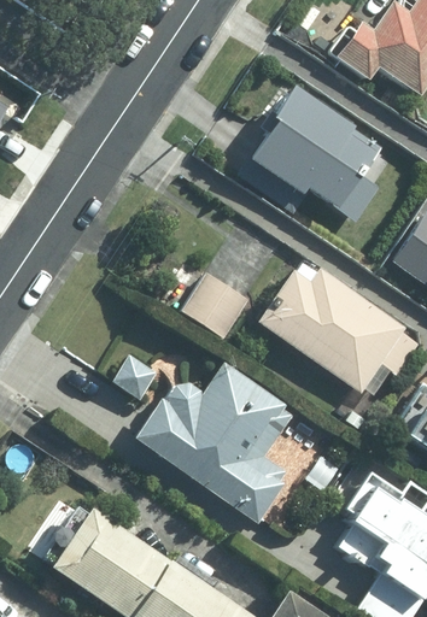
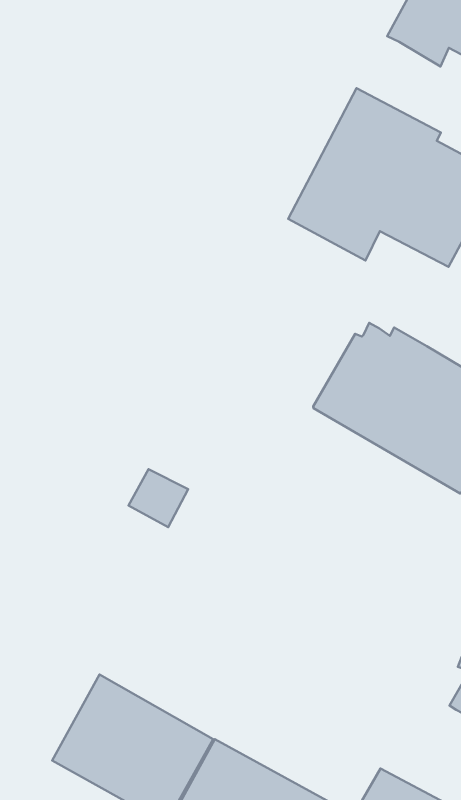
building: [183,271,251,337] -> none
building: [128,360,296,524] -> none

